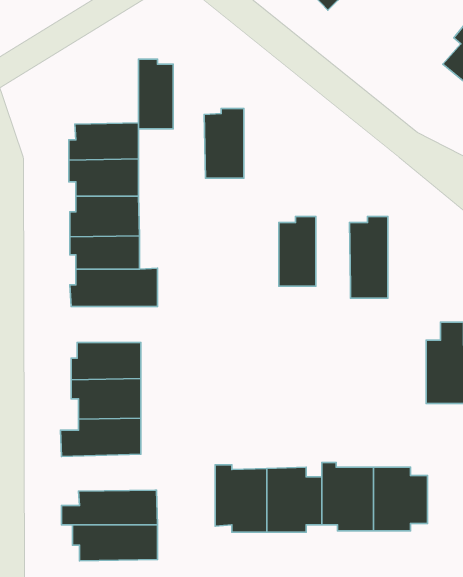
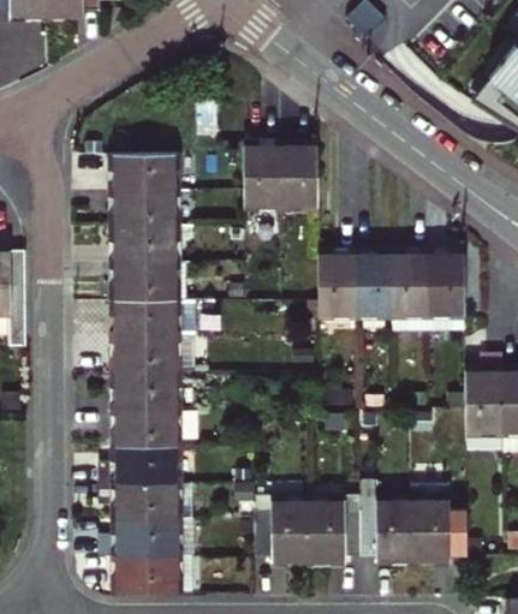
building: [138,59,173,129] -> [282,141,317,210]
building: none -> [427,248,464,330]
building: none -> [355,249,389,318]
building: none -> [109,339,195,375]
building: none -> [100,487,193,524]

